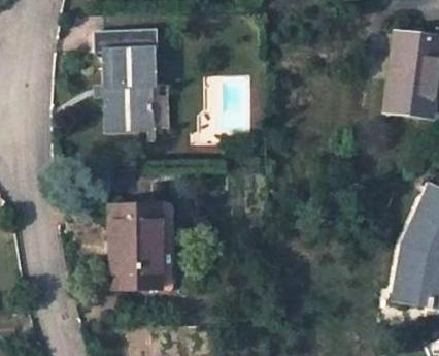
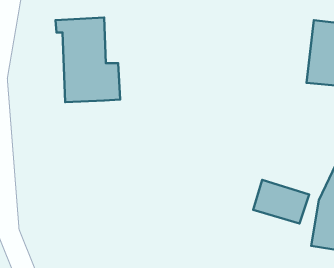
building: [109,206,159,287] -> none
building: none -> [253,180,309,224]

